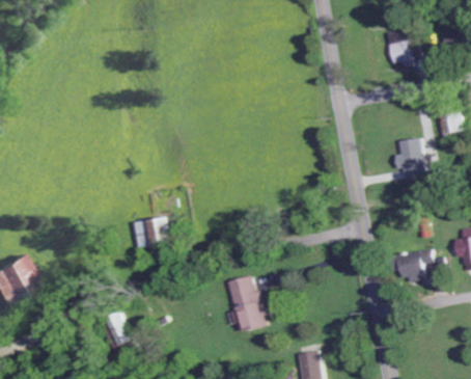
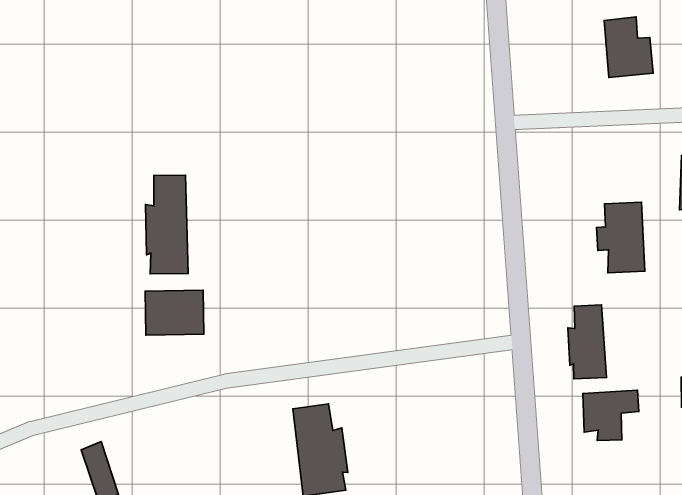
building: none -> [146,175,188,274]
building: none -> [568,305,607,379]

